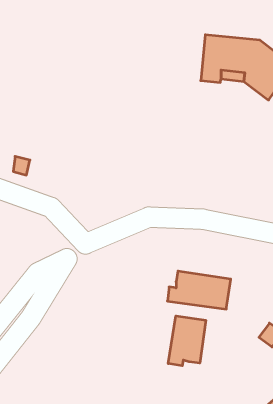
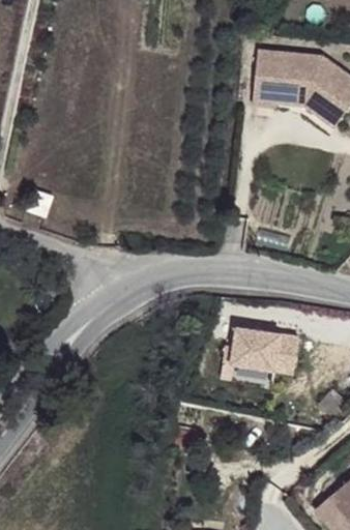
building: [168,316,206,366] -> none

